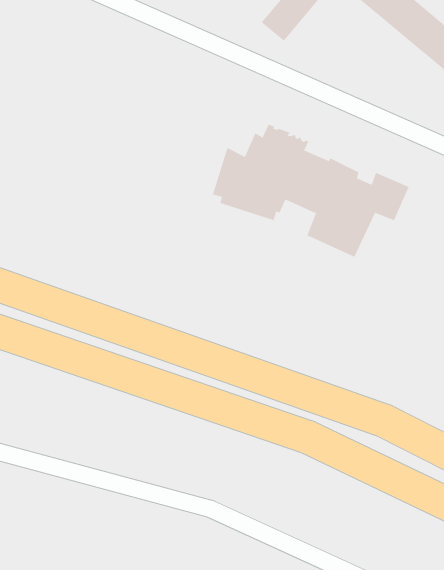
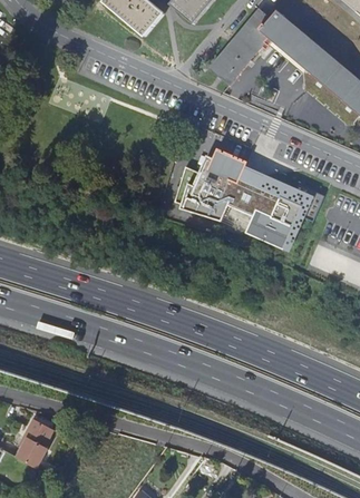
building: none -> [17,420,53,468]

